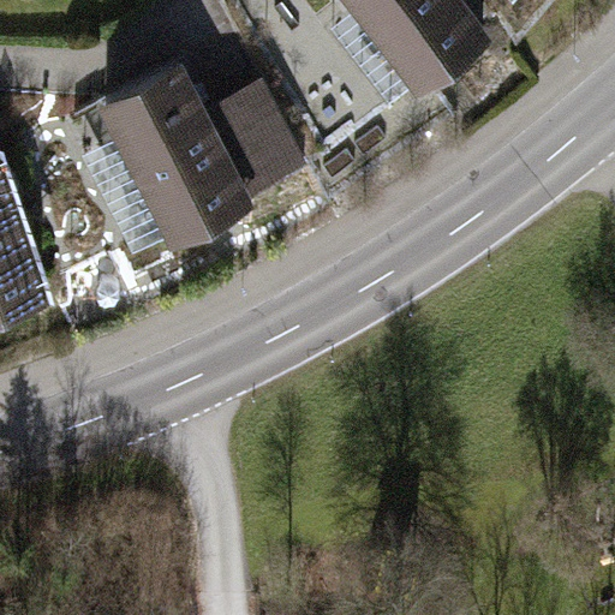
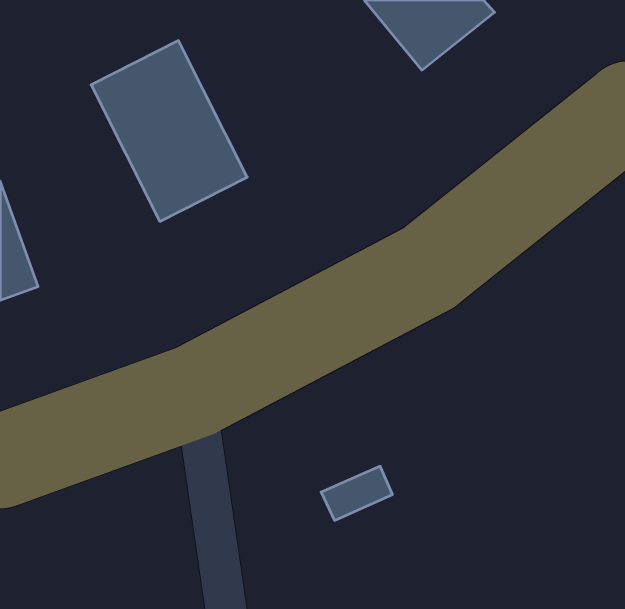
building: [202,79,300,192] -> none

